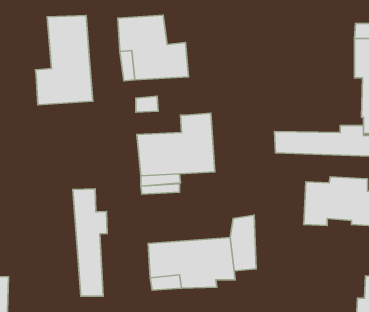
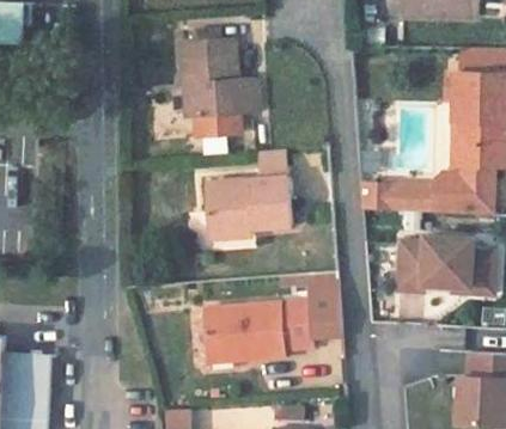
building: [36,16,93,105] -> none
building: [73,189,107,296] -> none

